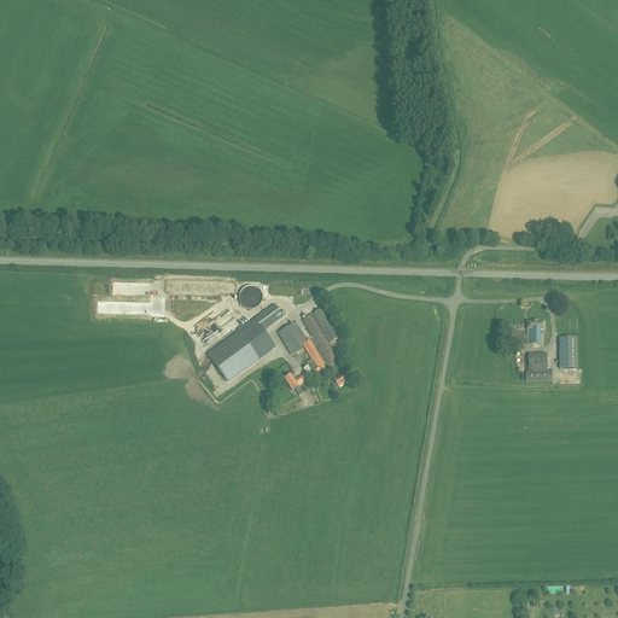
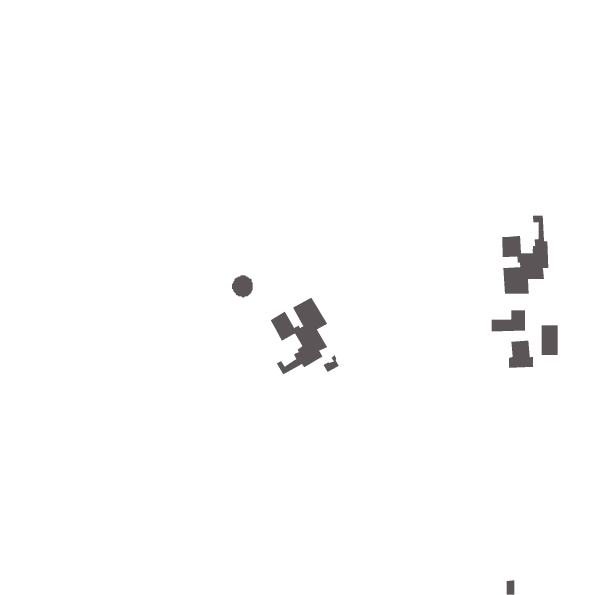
building: none -> [502,215,549,295]
building: [206,302,284,380] -> none

